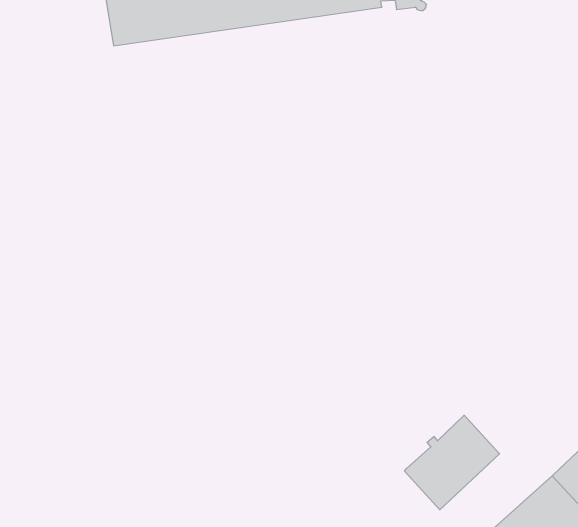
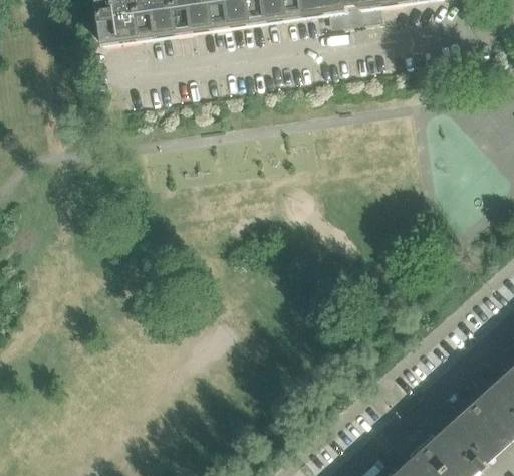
building: [405,415,500,510] -> none

